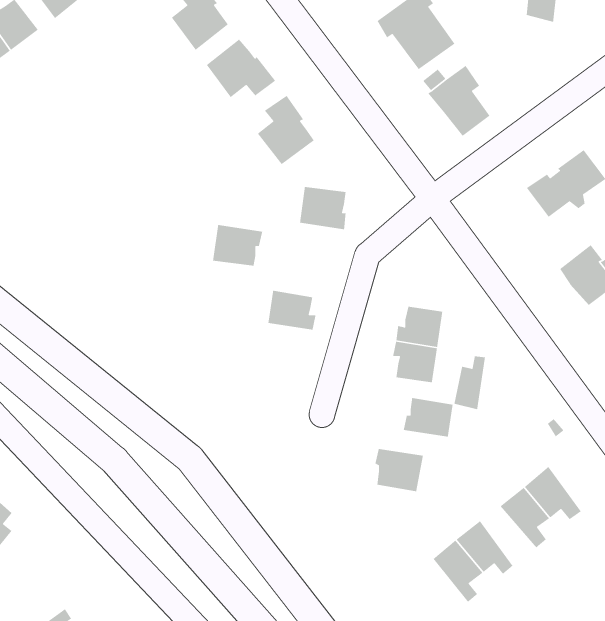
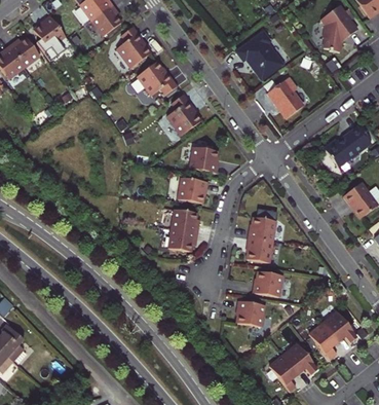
building: [212,224,263,266] -> [180,178,210,202]
building: none -> [169,227,199,251]
building: [454,355,486,410] -> none

